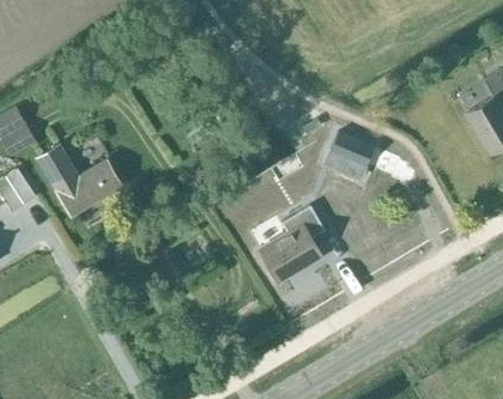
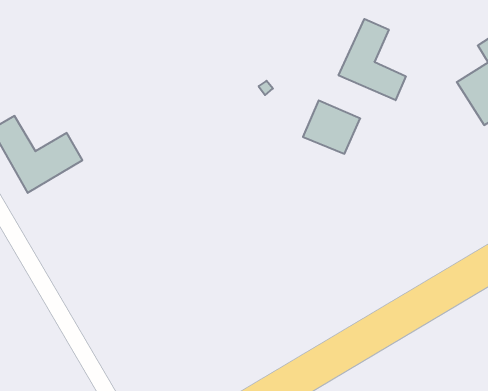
building: none -> [339,19,406,100]
building: [259,207,323,282] -> none

